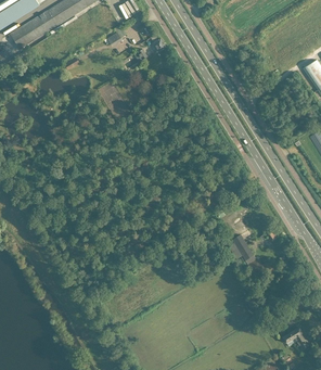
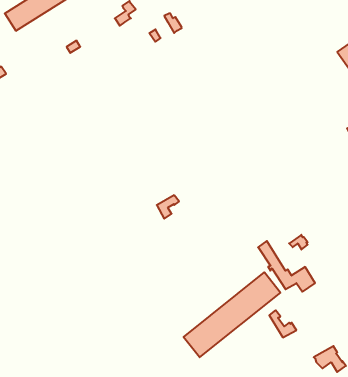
building: none -> [184,272,280,357]

